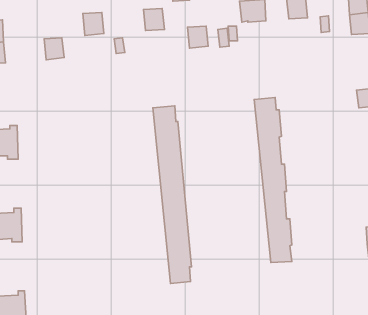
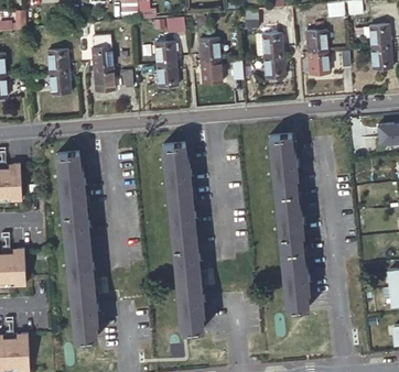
building: none -> [197,37,219,61]
building: none -> [46,48,67,73]
building: none -> [306,51,328,74]
building: none -> [263,54,285,77]
building: none -> [155,63,177,86]
building: none -> [91,67,114,91]
building: none -> [58,152,99,340]

